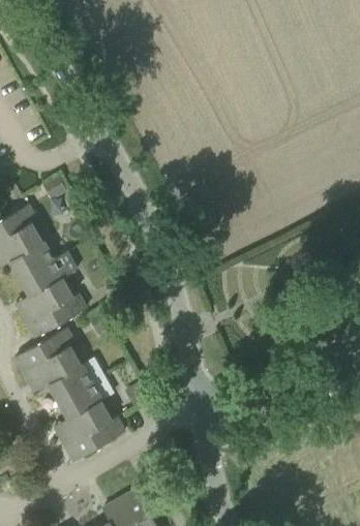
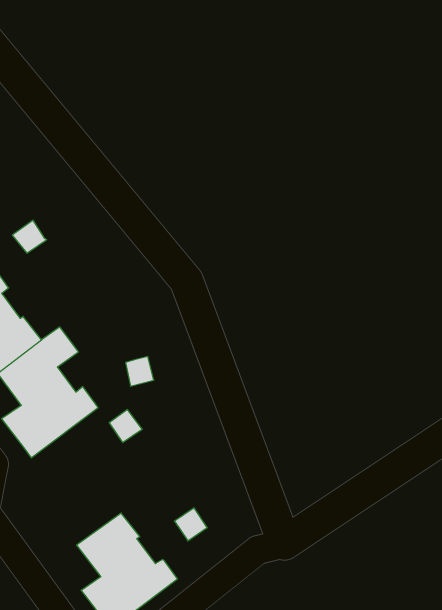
building: [17,328,92,400] -> none

